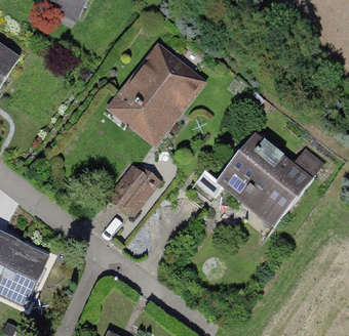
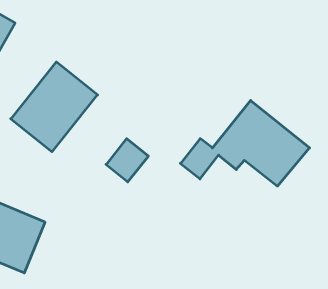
building: [112,49,198,138] -> [11,62,98,152]

